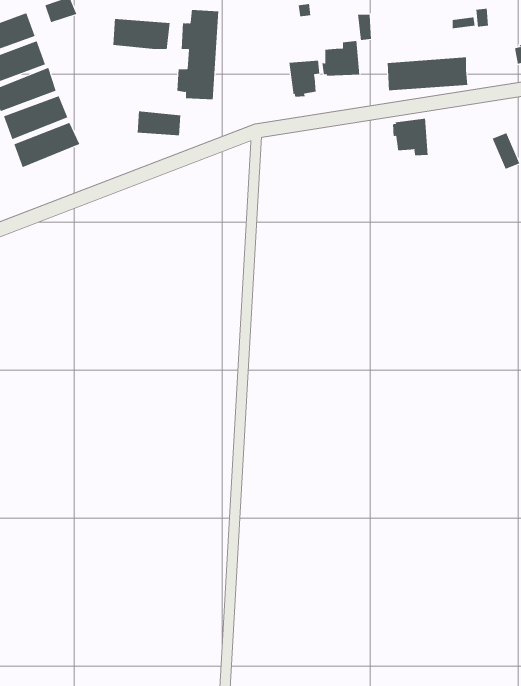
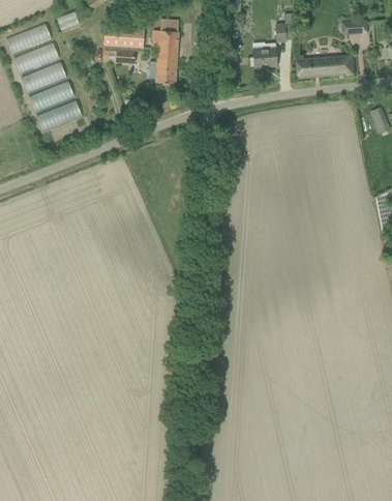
building: [289,60,320,97] -> none
building: [137,111,181,136] -> [104,46,135,63]
building: [393,118,428,156] -> none

